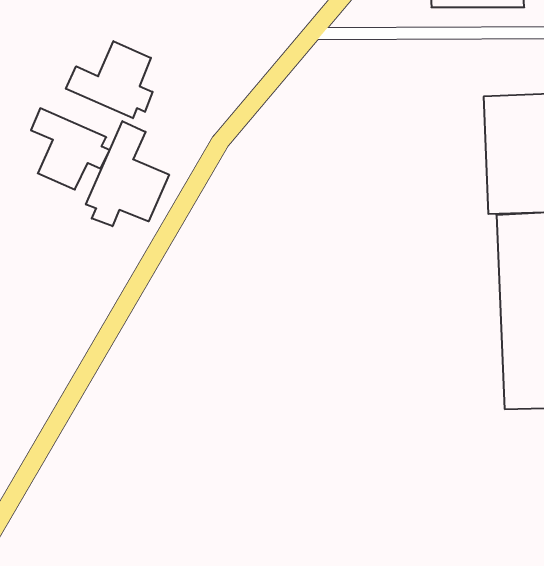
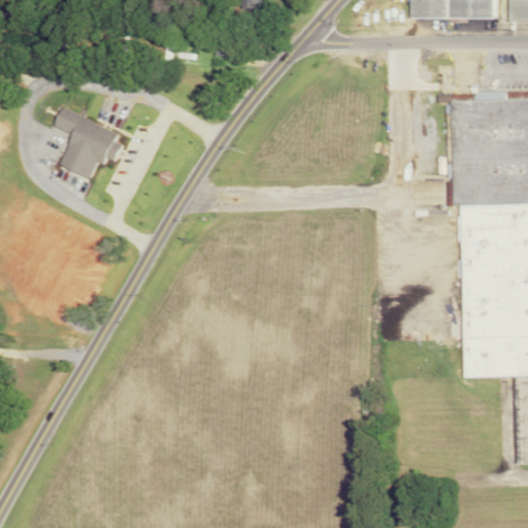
building: [66,41,153,118] -> none
building: [86,121,169,226] -> none

